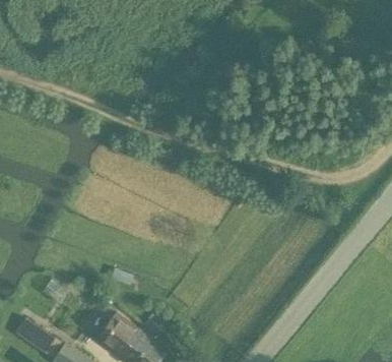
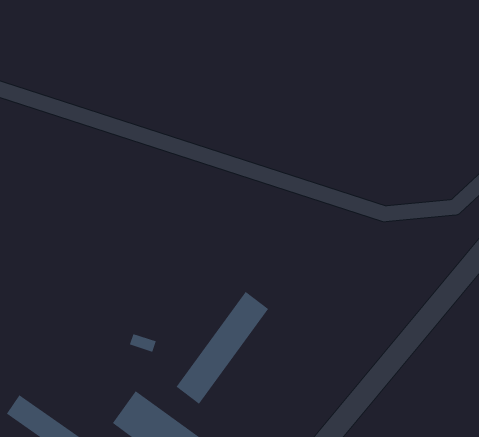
building: none -> [176,291,269,405]

